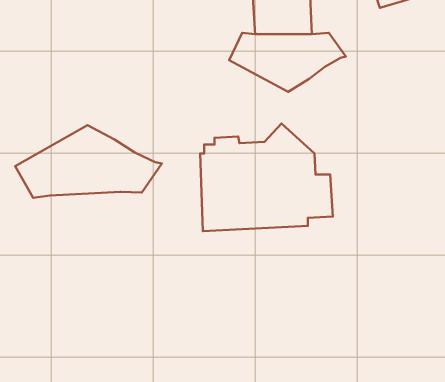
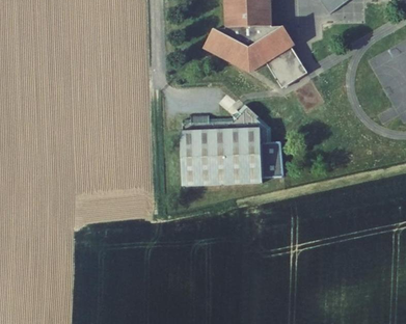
building: none -> [267,48,307,88]
building: [15,125,162,198] -> none

